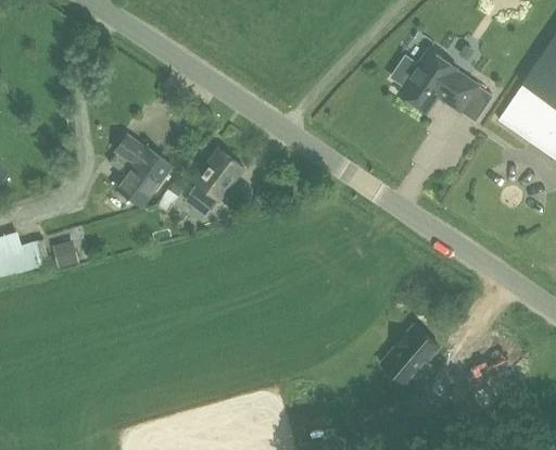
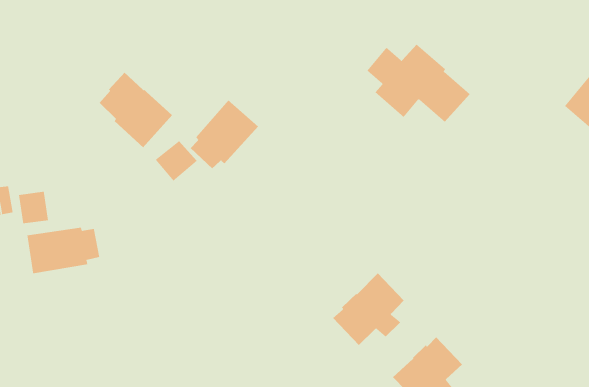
building: [390,50,479,113] -> [366,44,470,122]
building: none -> [27,227,100,274]
building: none -> [332,273,404,346]

